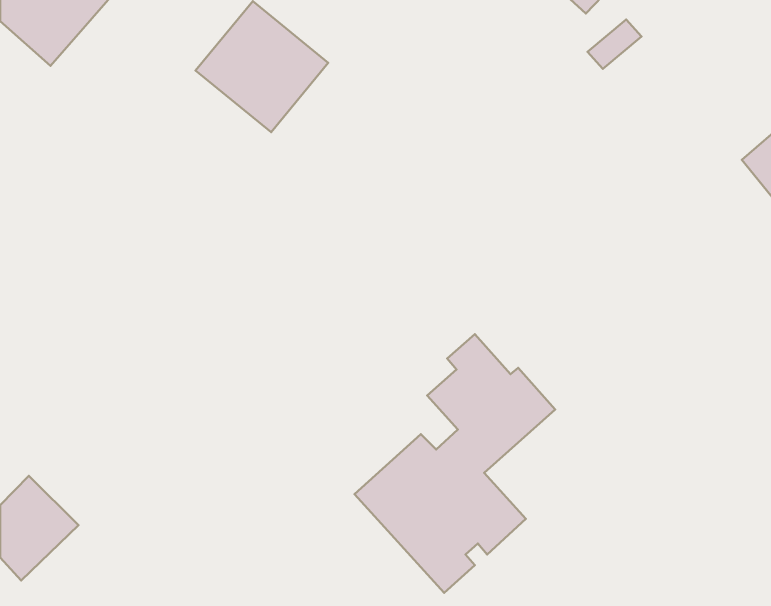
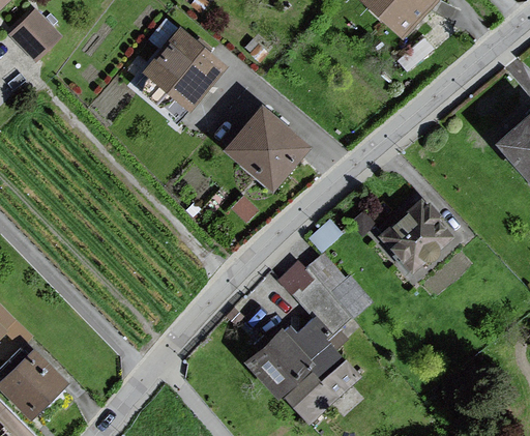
building: none -> [219,105,304,190]
building: none -> [373,198,452,277]

